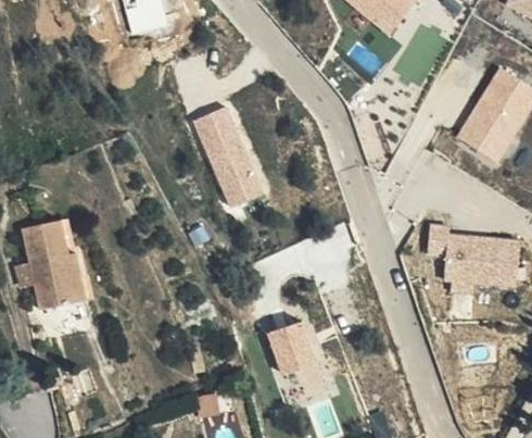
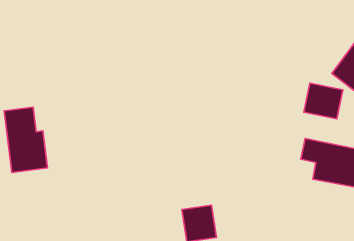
building: [190,103,265,208] -> none
building: none -> [304,83,343,119]

